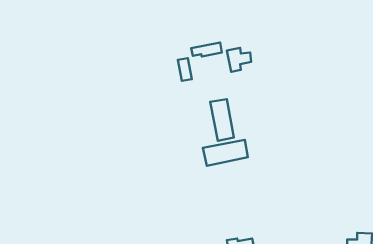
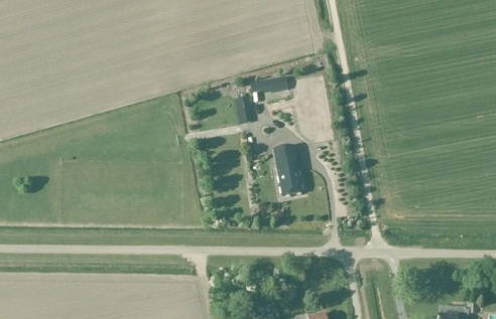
building: [227,48,251,72] -> none
building: [203,140,248,166] -> none

